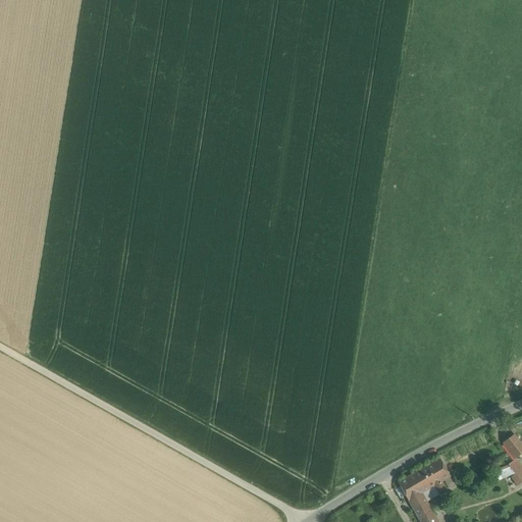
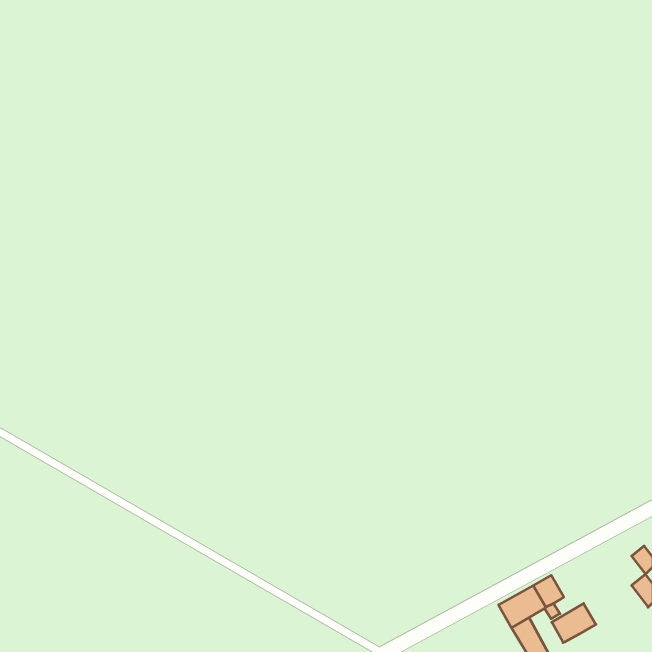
building: none -> [552,603,596,643]

